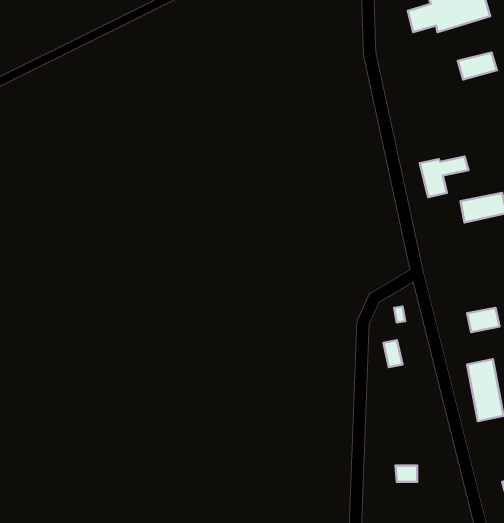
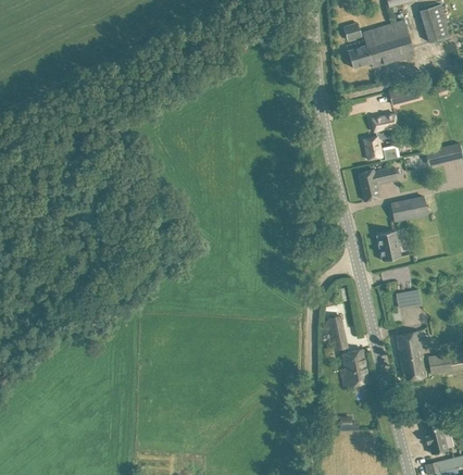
building: none -> [363,112,398,160]
building: none -> [376,230,400,260]
building: none -> [341,349,370,387]

